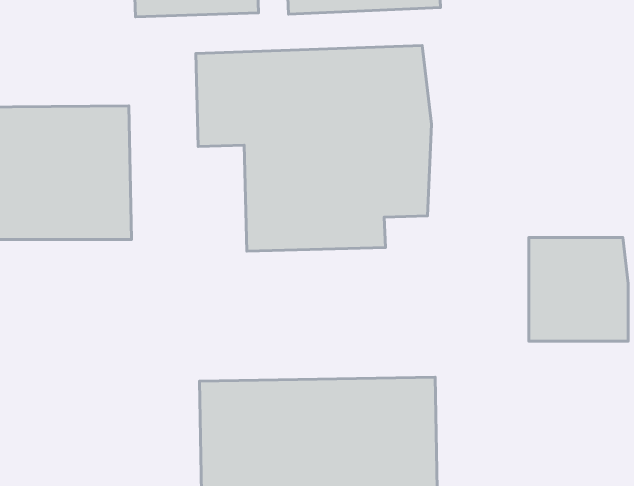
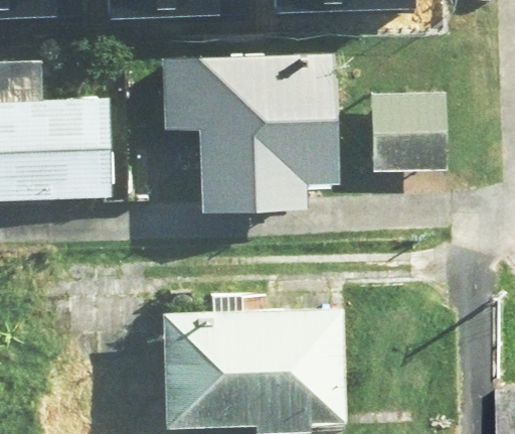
building: [529,238,628,341] -> [371,94,448,173]

